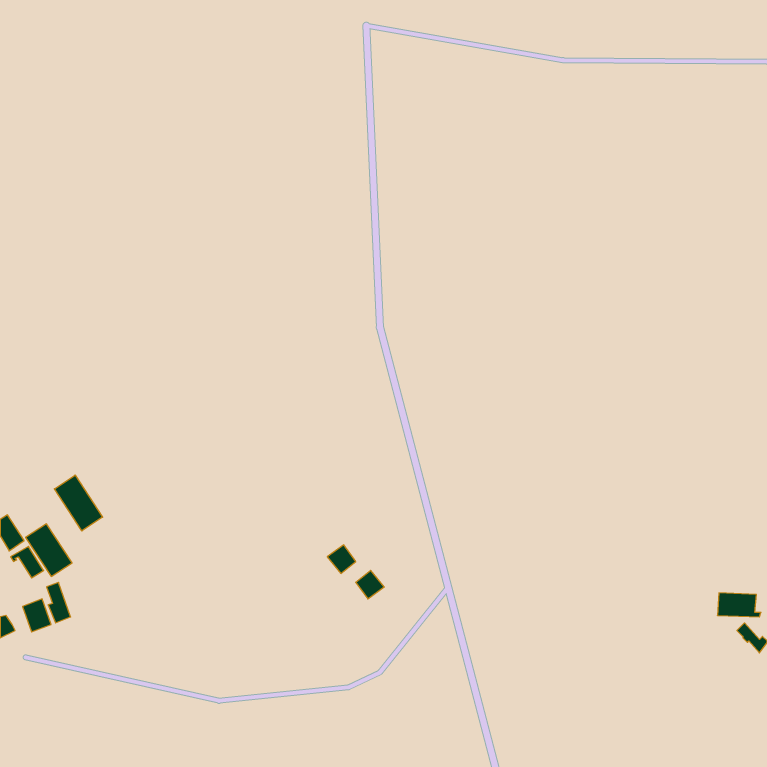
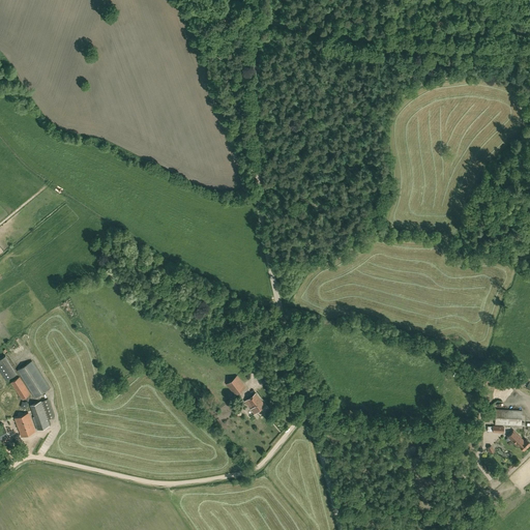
building: [54,475,103,531] -> none

